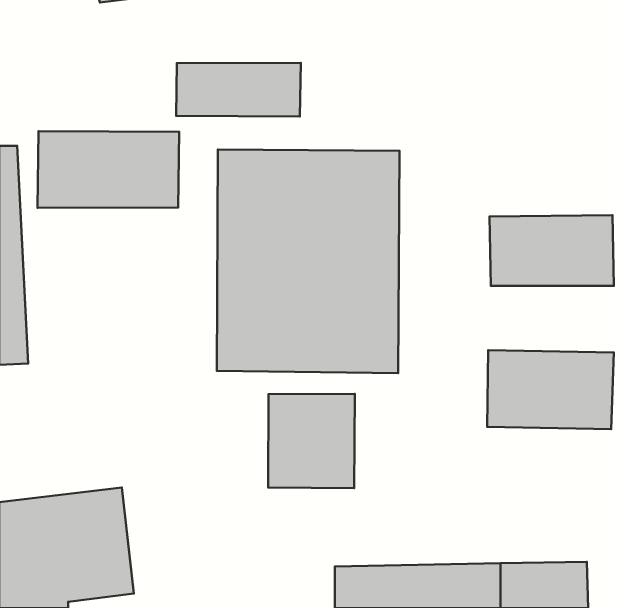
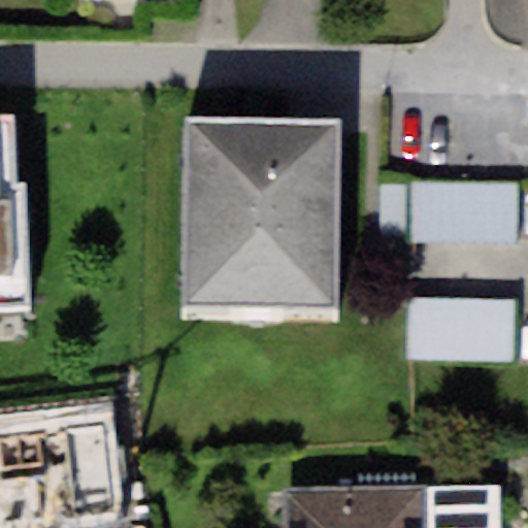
building: [176,63,301,116] -> none
building: [37,131,179,208] -> none
building: [268,394,355,488] -> none

